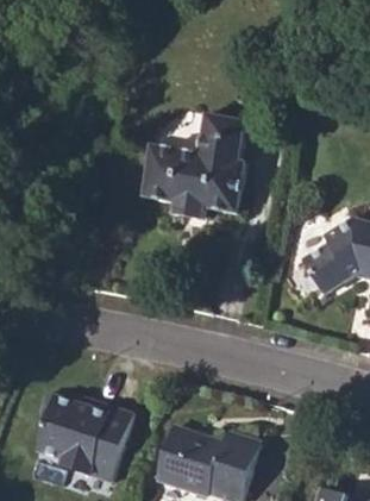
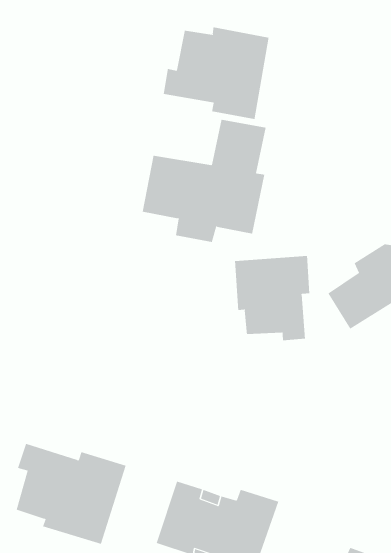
building: none -> [163,27,269,120]
building: none -> [235,255,310,341]

